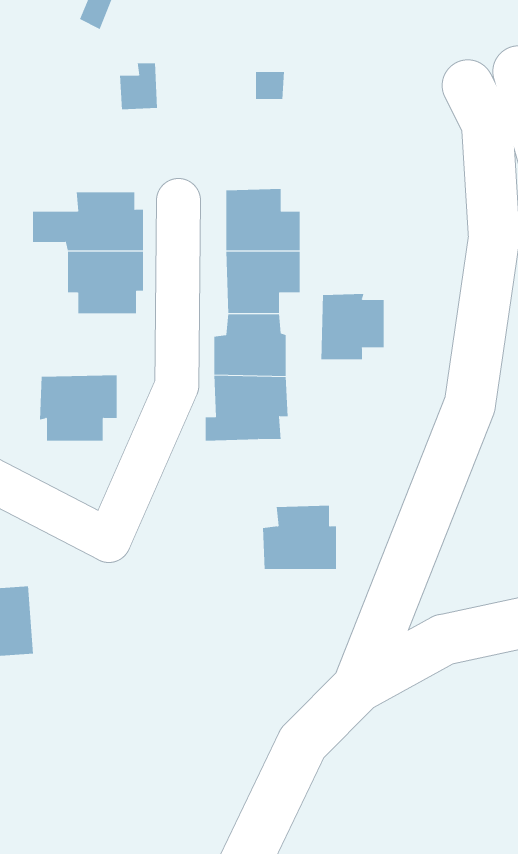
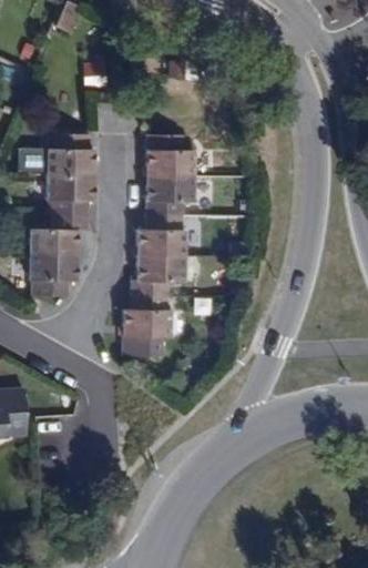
building: [321,293,384,360] -> none
building: none -> [29,215,90,255]
building: [262,505,337,570] -> [124,295,172,336]

